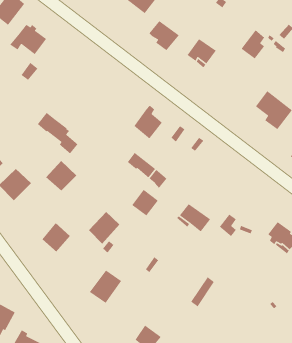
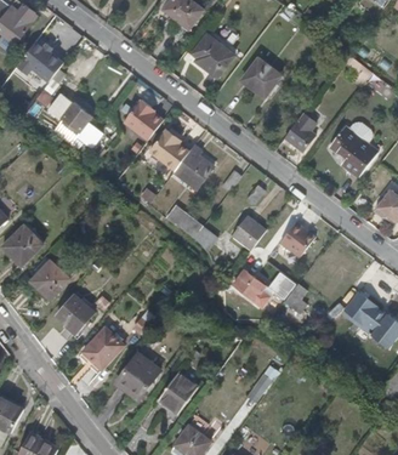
building: [240,29,265,59] -> [284,112,315,150]
building: none -> [121,98,163,140]
building: none -> [149,127,188,169]
building: [37,112,79,154] -> [47,92,101,147]
building: [45,160,77,192] -> [29,260,70,300]
building: none -> [279,221,314,257]
building: [131,189,159,216] -> [231,215,266,250]
building: [88,211,120,244] -> [83,326,124,369]
building: none -> [159,365,197,413]

